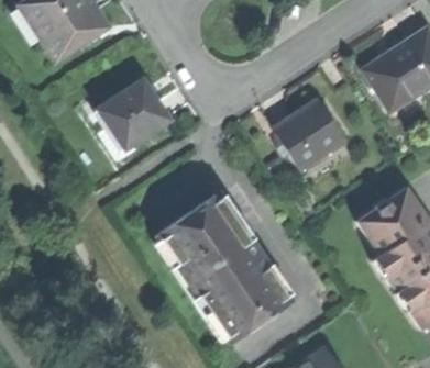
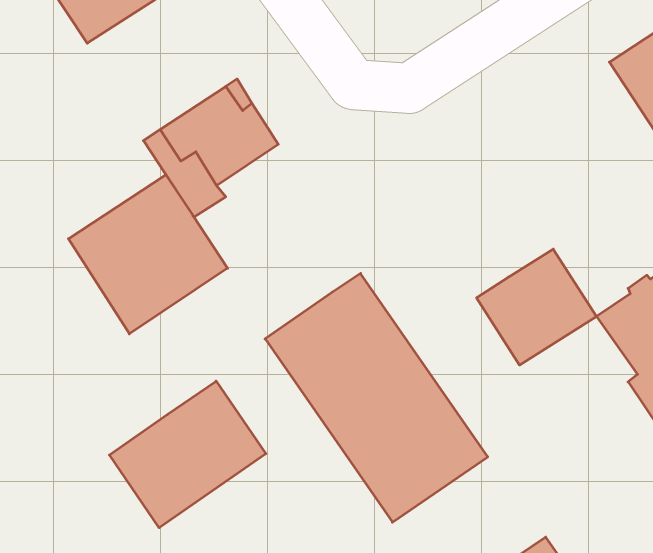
building: [274,98,344,166] -> [477,249,596,365]
building: none -> [68,175,228,334]
building: none -> [109,381,266,528]

